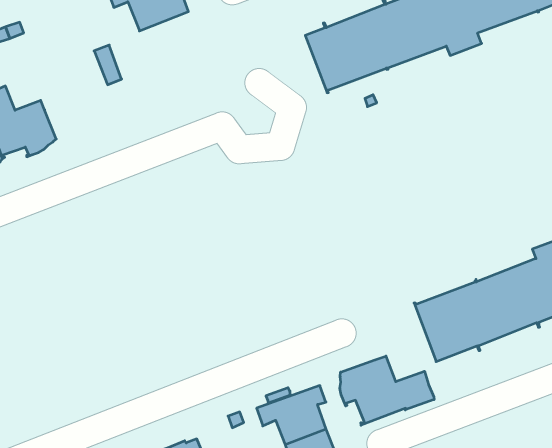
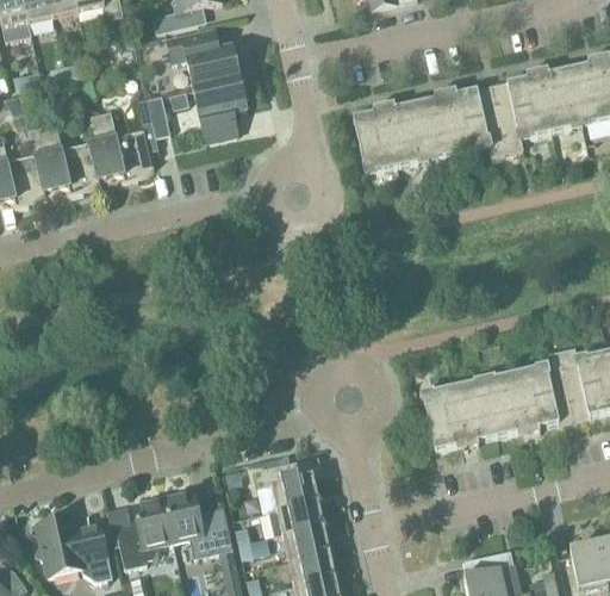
building: none -> [193,76,248,142]
building: none -> [83,111,154,182]
building: [340,356,434,425] -> none

